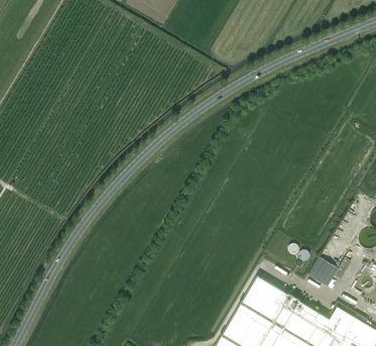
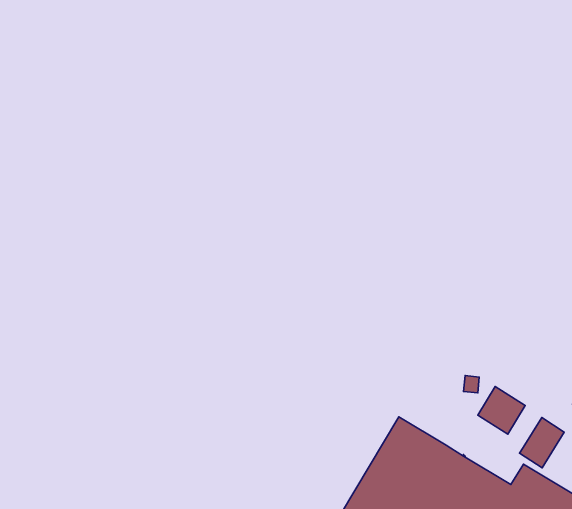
building: none -> [520,418,564,468]

